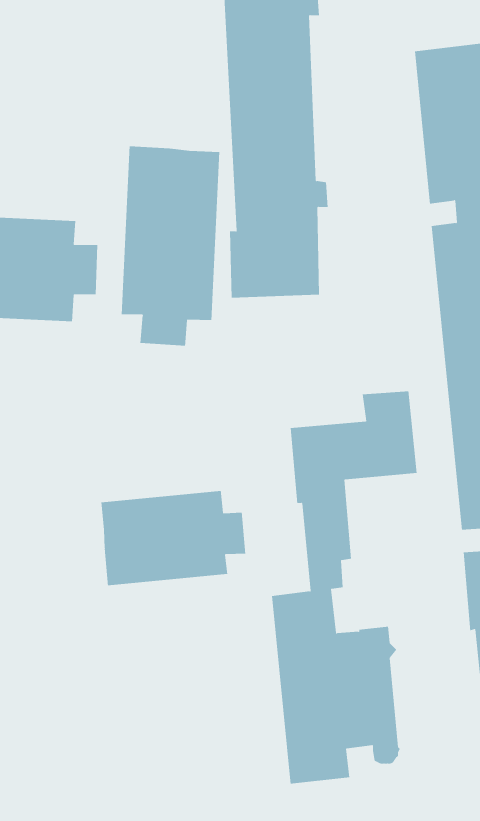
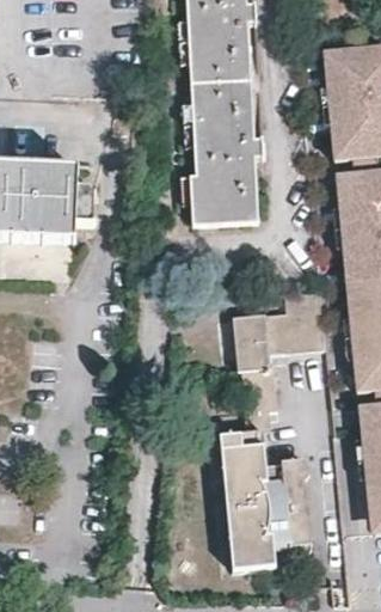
building: [121,145,220,346] -> none
building: [101,490,246,586] -> none

